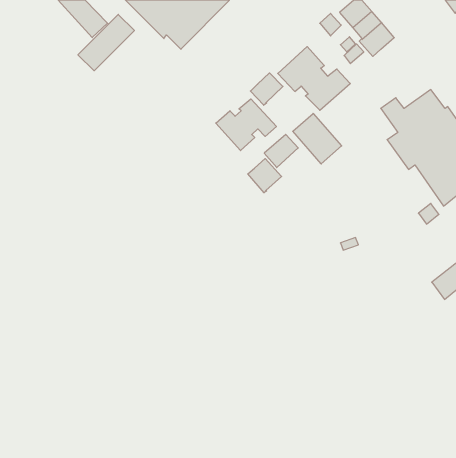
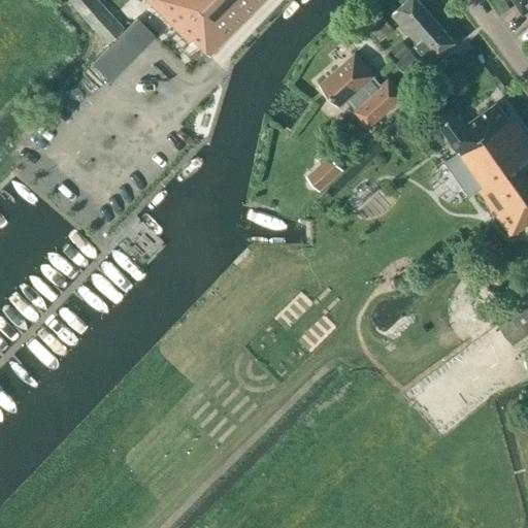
building: [250,73,283,105] -> none
building: [216,99,276,151] -> none
building: [293,113,342,164] -> none
building: [248,159,282,193] -> none

